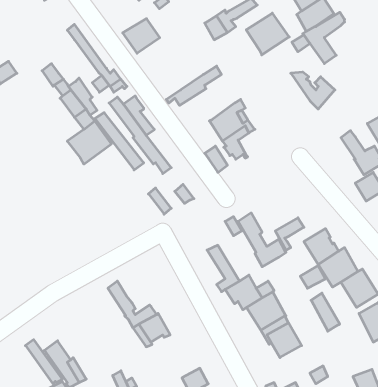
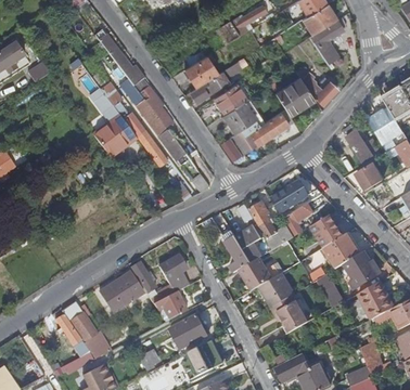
building: [246,13,289,55] -> [273,75,312,113]
building: [123,19,160,53] -> [184,56,218,88]
building: none -> [215,82,246,115]
building: none -> [249,113,289,147]
building: none -> [271,173,317,210]
building: none -> [235,225,261,261]
building: none -> [163,255,189,291]
building: none -> [100,271,144,312]
building: none -> [169,314,208,349]

